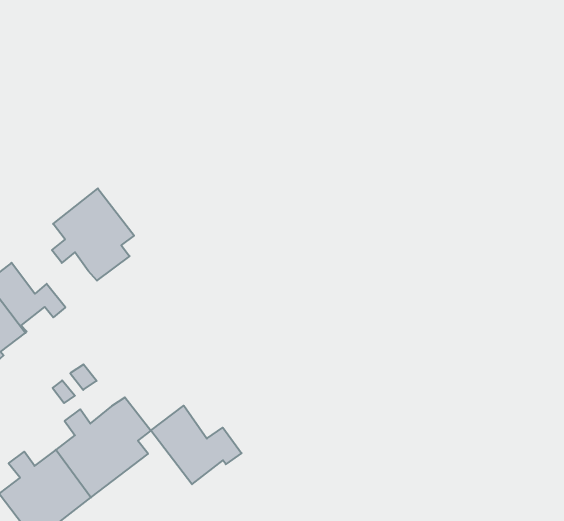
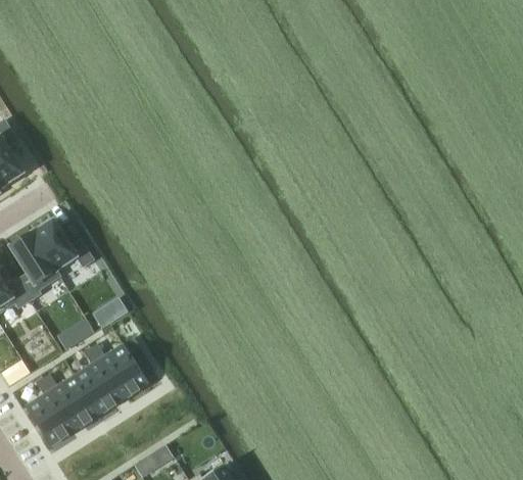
building: [52,188,134,281] -> none
building: [151,406,242,484] -> none

